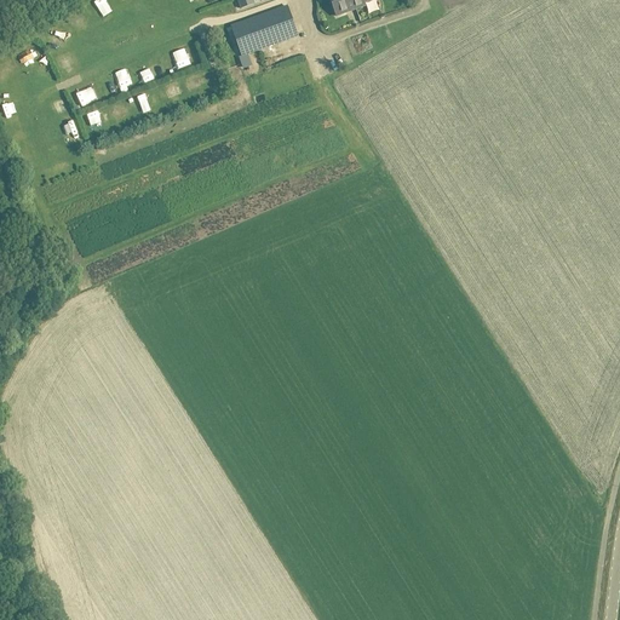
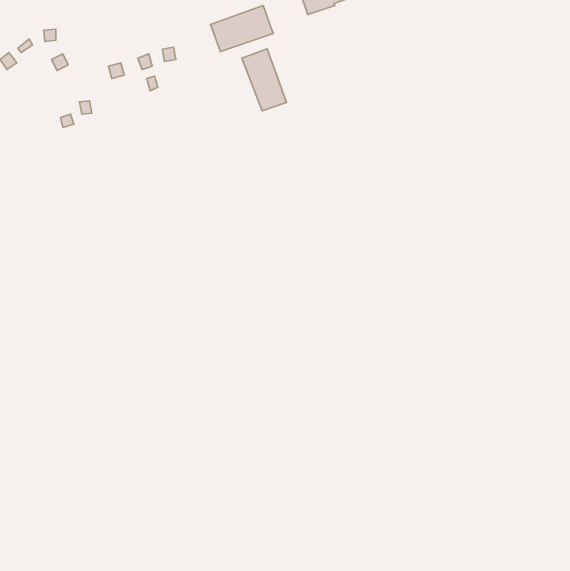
building: none -> [242,49,286,111]

